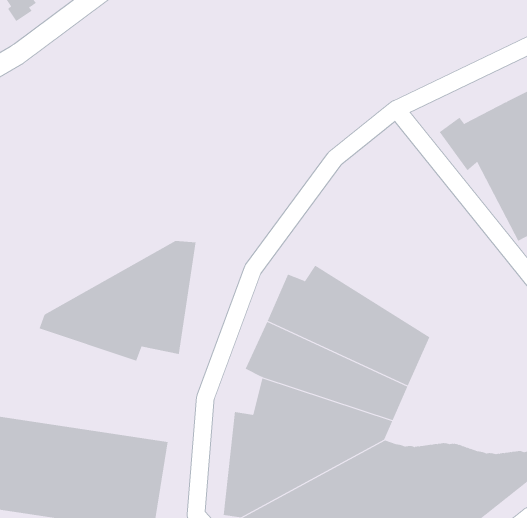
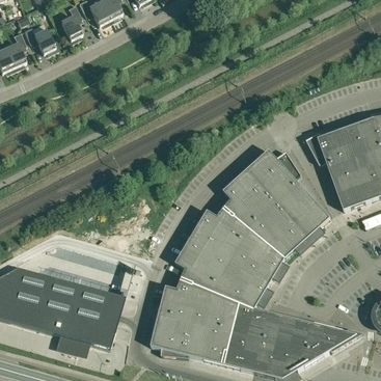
building: none -> [223,149,330,257]
building: [39,240,196,362] -> none

